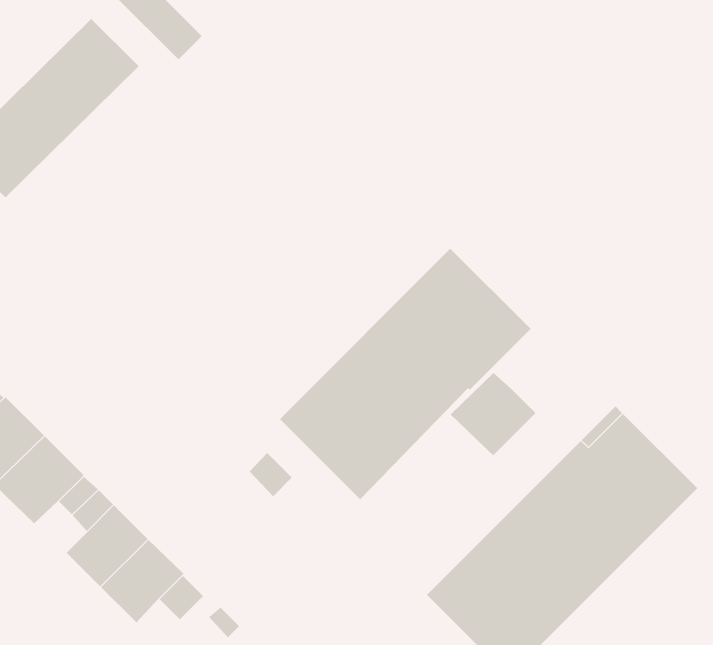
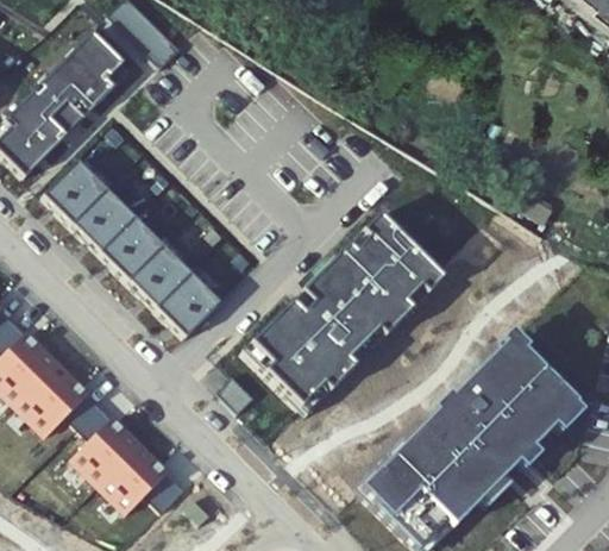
building: none -> [45,159,221,334]
building: [450,372,536,456] -> none

